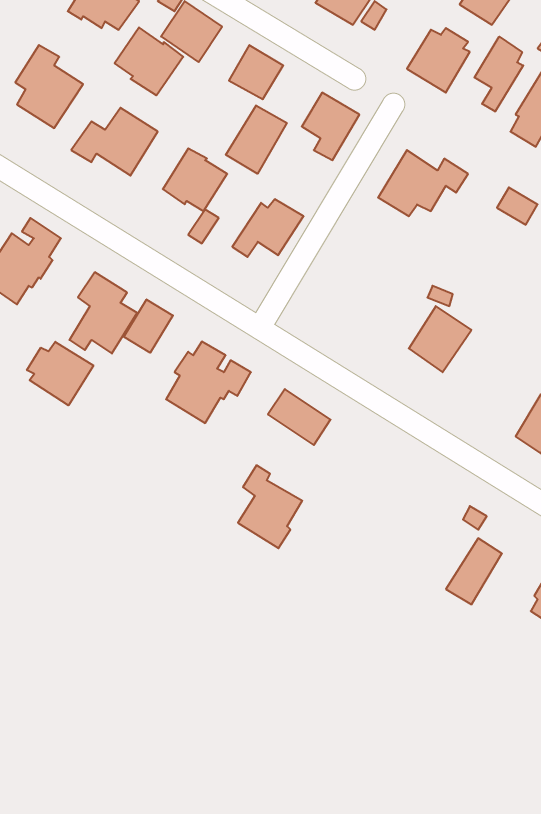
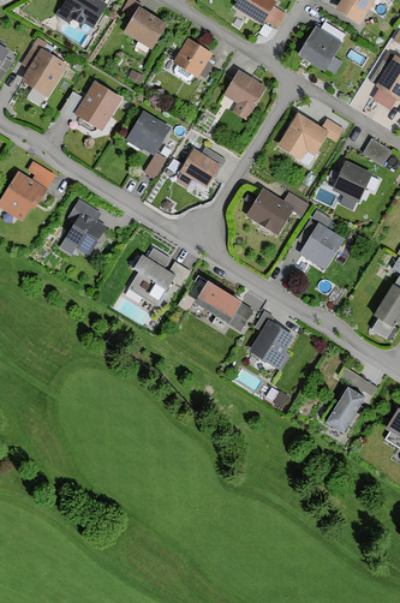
building: [115,27,183,95] -> none
building: [474,37,523,112] -> none
building: [226,105,287,174] -> none
building: none -> [332,160,375,209]
building: none -> [246,189,306,234]
building: [124,299,173,353] -> none
building: [27,342,93,405] -> none
building: [238,465,302,548] -> [249,310,294,369]

